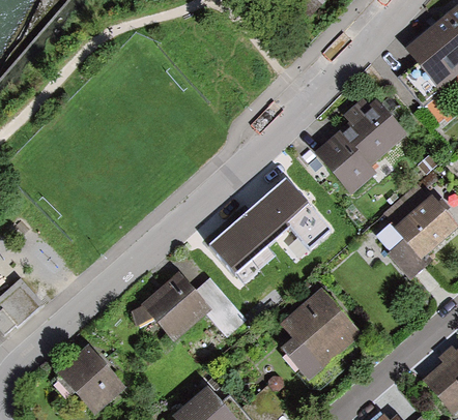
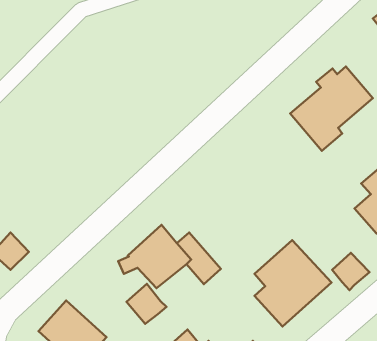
building: [210,178,331,274] -> none
building: none -> [332,253,369,290]
building: none -> [126,284,166,324]

